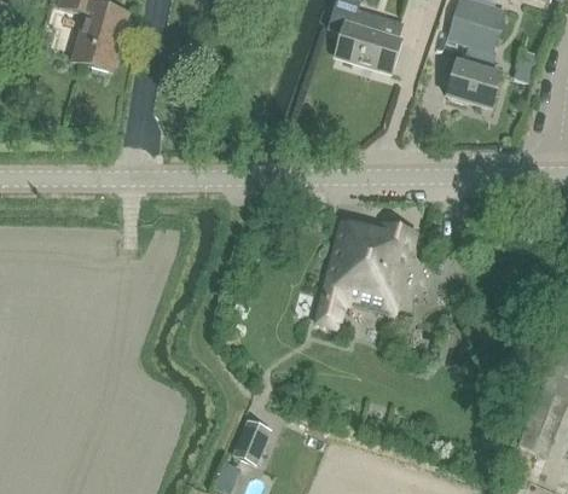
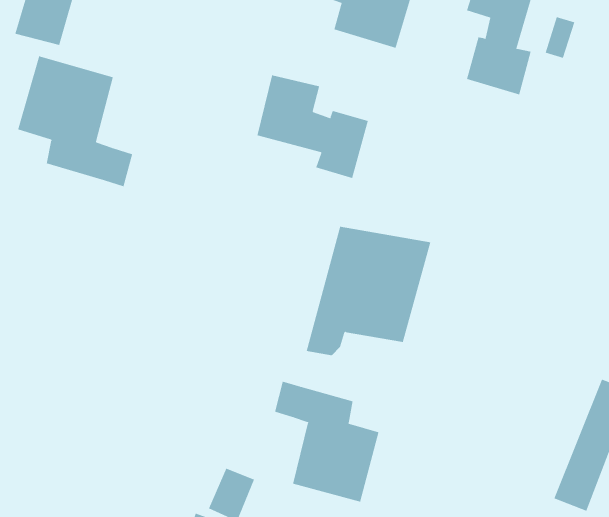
building: none -> [18,55,133,187]
building: none -> [257,74,369,179]
building: none -> [274,381,379,502]

